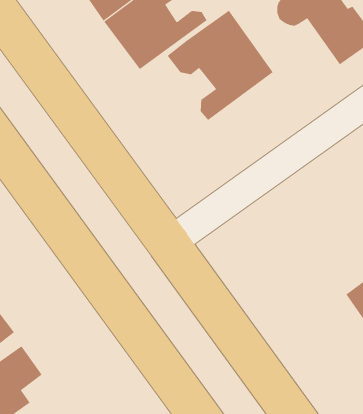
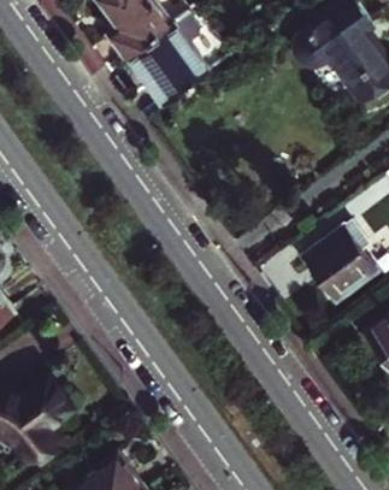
building: [167,10,274,121] -> none
building: none -> [306,224,379,302]

